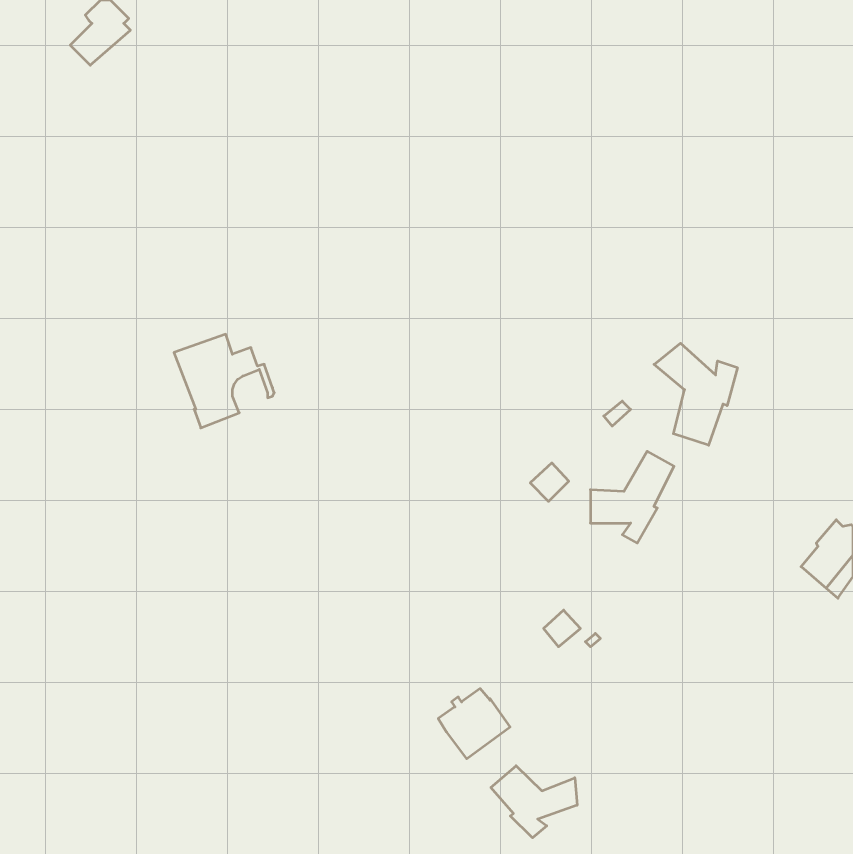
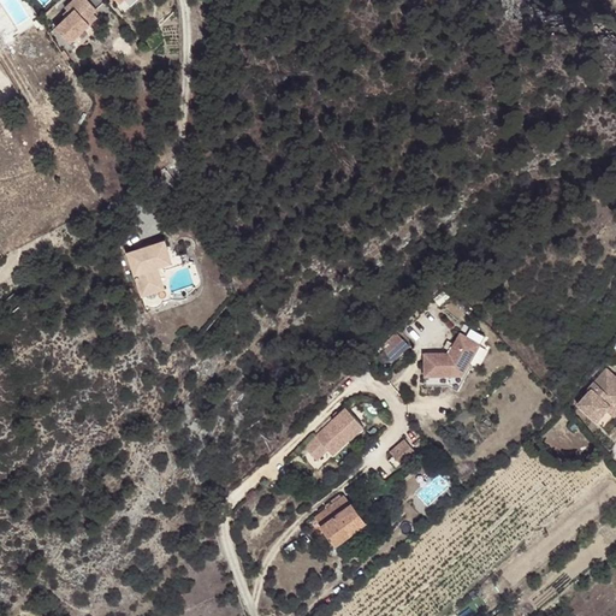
building: [654,343,737,445] -> none
building: none -> [303,402,362,455]
building: [491,766,577,838] -> none

